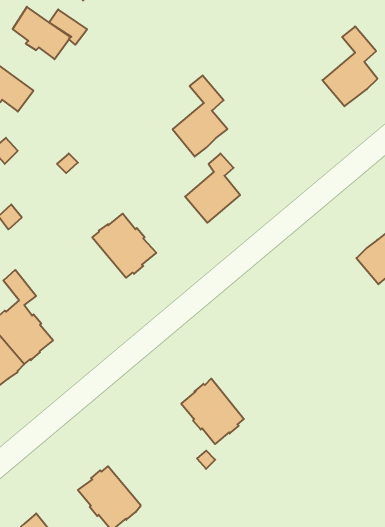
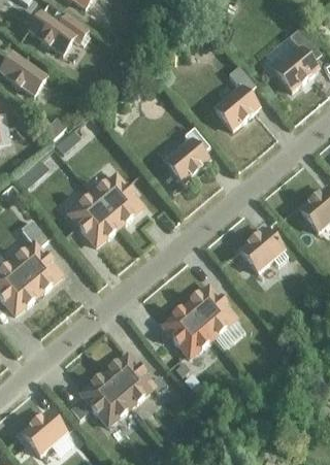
building: [173,75,227,157] -> [213,66,257,130]
building: none -> [68,194,118,245]
building: none -> [238,229,286,272]
building: none -> [185,287,234,337]
building: none -> [103,355,166,405]

